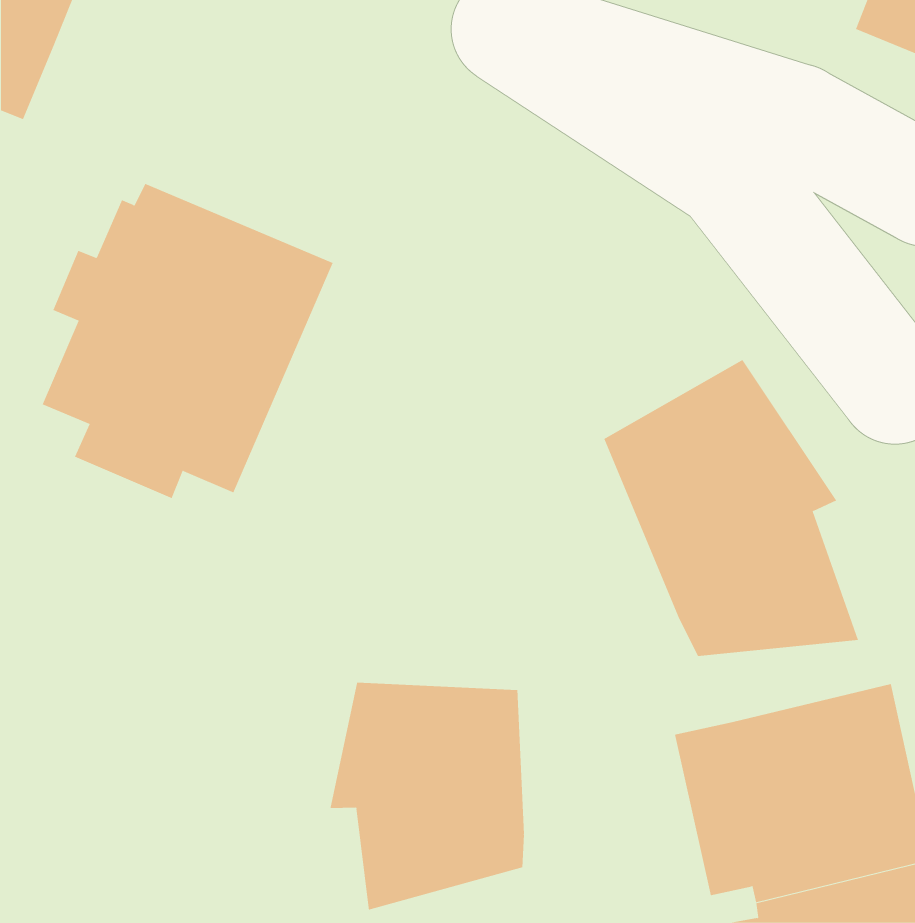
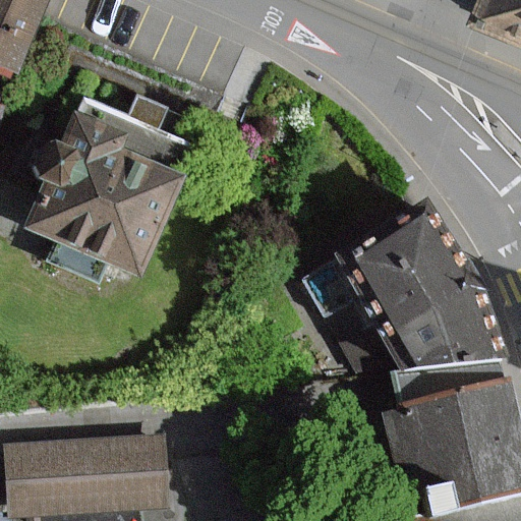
building: [330,682,524,910] -> none
building: none -> [14,437,170,511]

